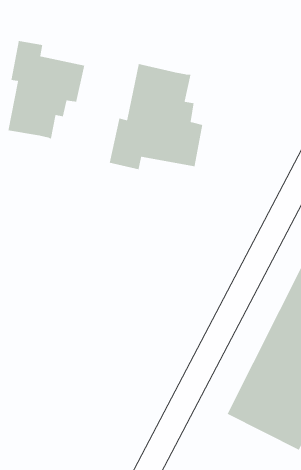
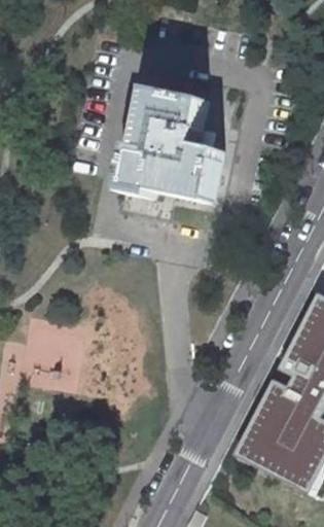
building: [8,40,85,140] -> none

